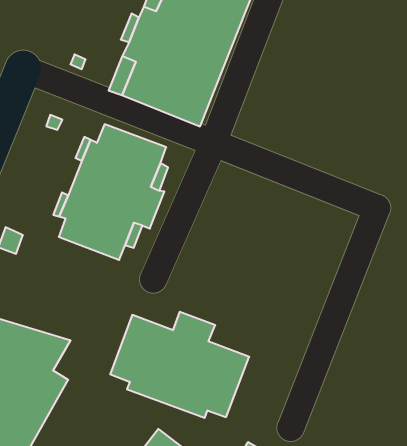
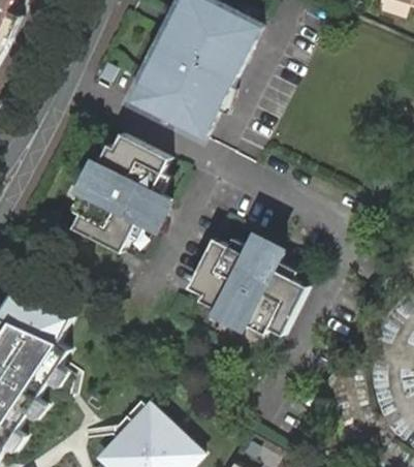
building: [110,312,249,418] -> [184,241,306,337]

